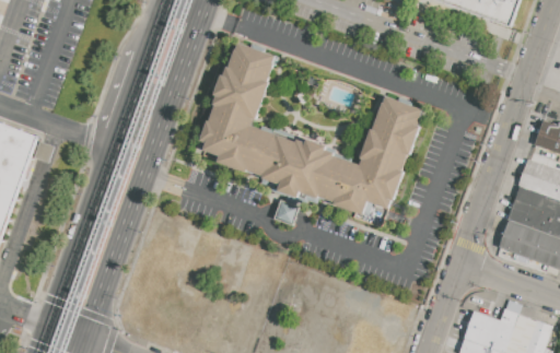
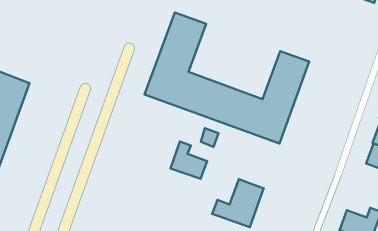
building: none -> [171,142,207,179]
building: none -> [212,179,264,227]

